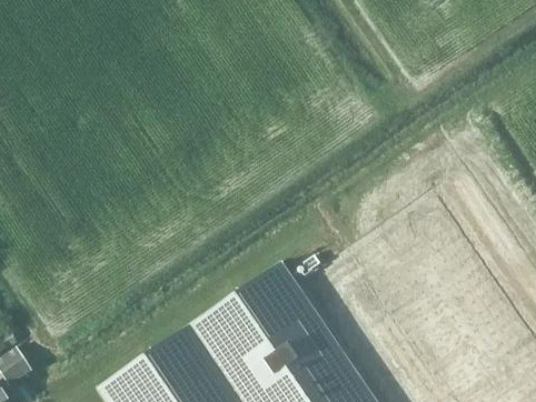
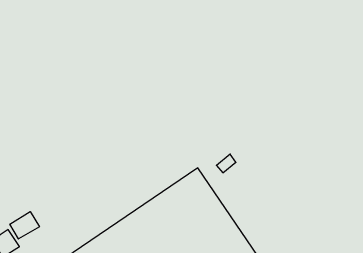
building: none -> [10,212,39,239]

